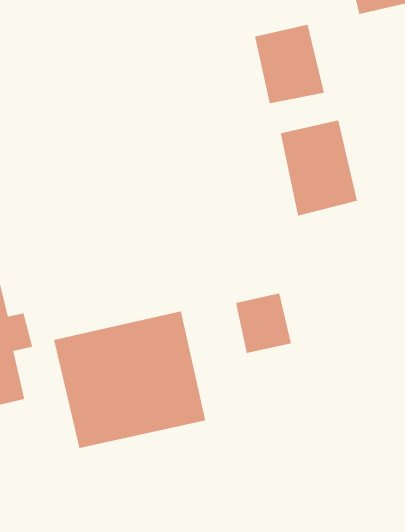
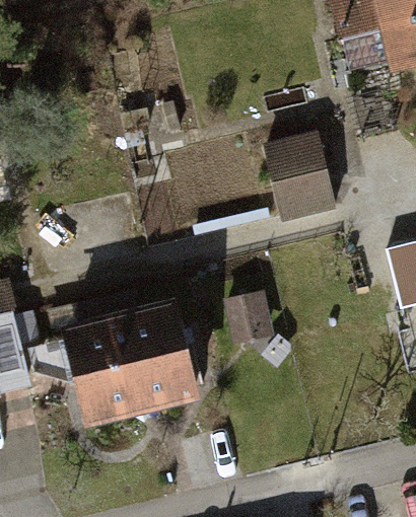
building: [254,24,325,104] -> none

